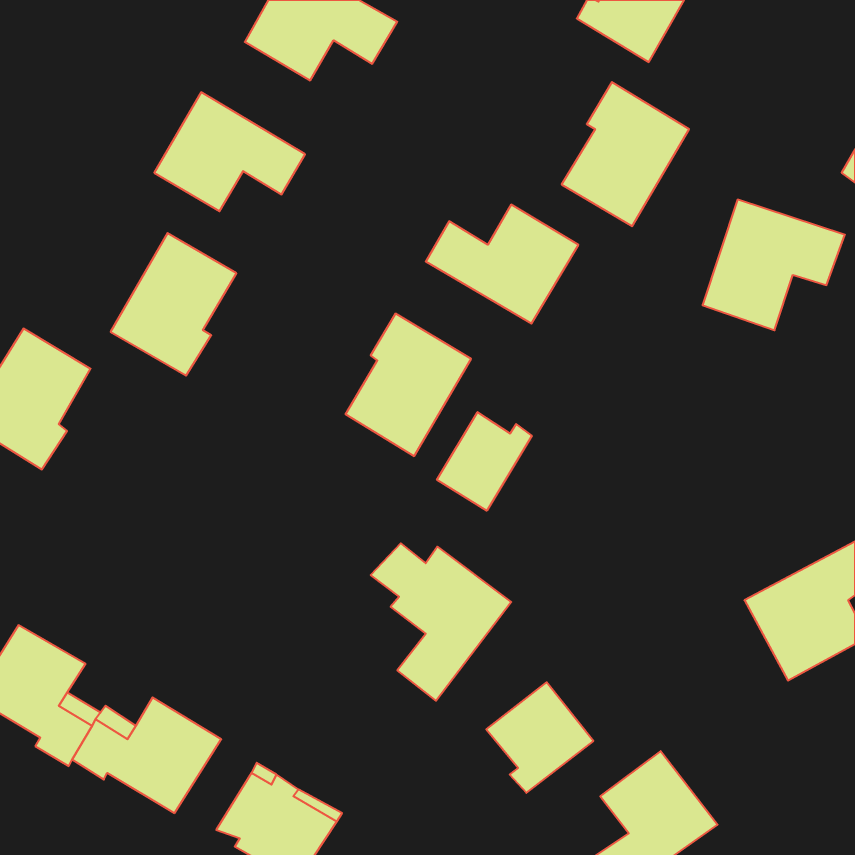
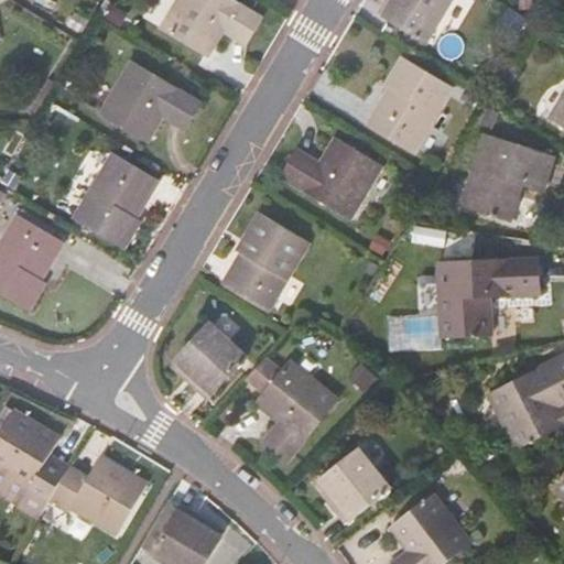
building: none -> [437,259,536,336]
building: [437,412,532,511] -> none
building: none -> [175,322,245,395]

